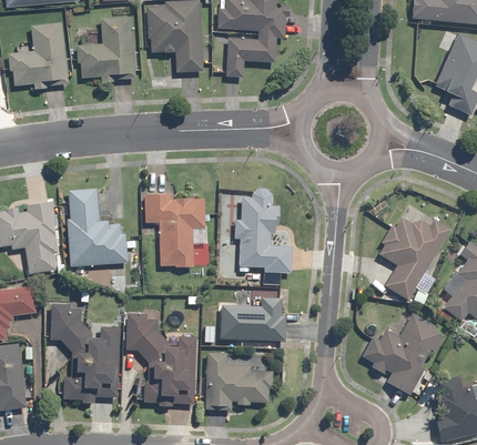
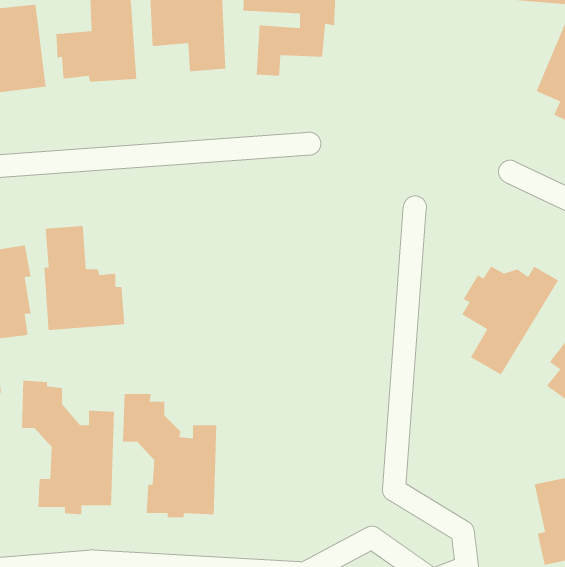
building: [234,186,292,273] -> none
building: [143,193,206,267] -> none
building: [220,297,285,341] -> none
building: [361,312,444,395] -> none
building: [204,352,273,411] -> none

